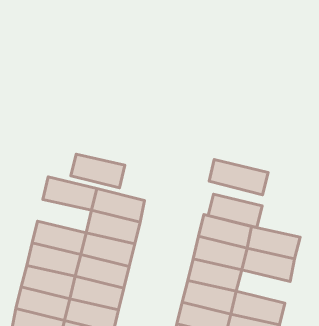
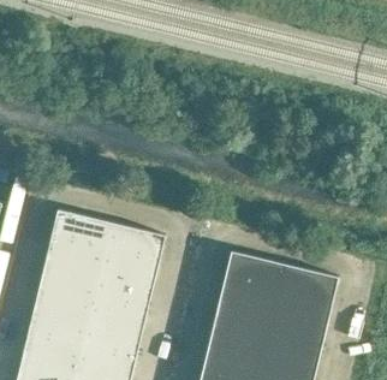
building: [71,154,125,188] -> [44,234,105,272]
building: [209,160,268,195] -> none
building: [208,194,262,228] -> [266,313,326,350]

